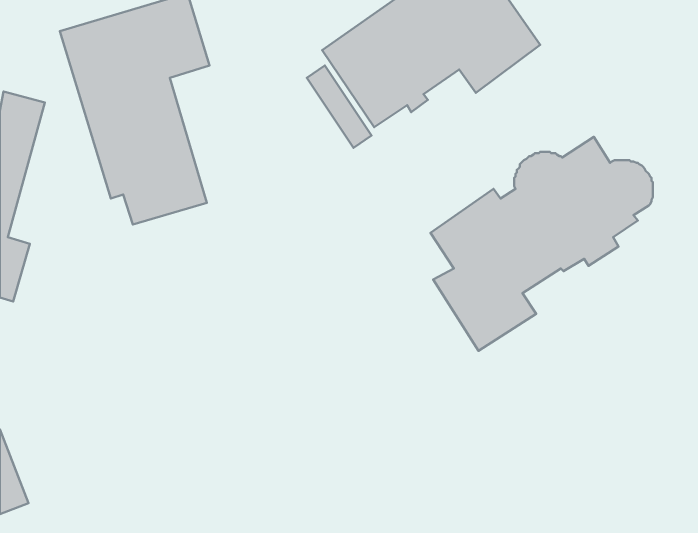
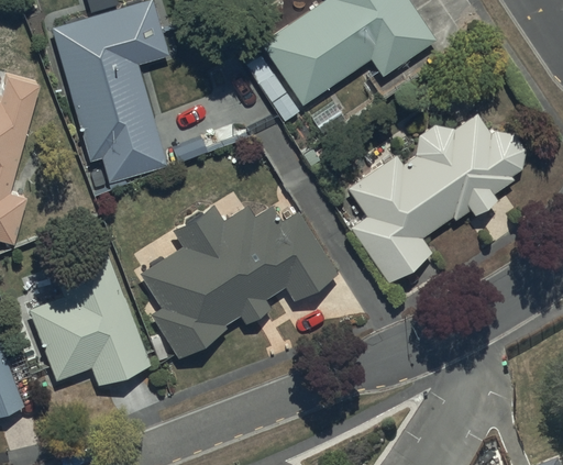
building: none -> [141,204,338,359]
building: none -> [29,241,151,387]

